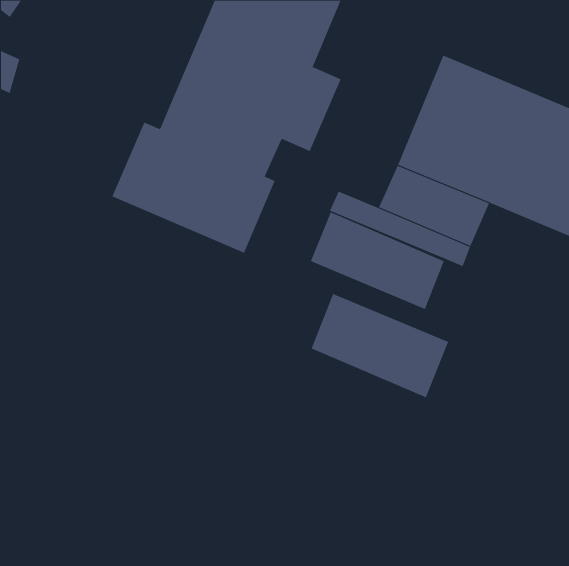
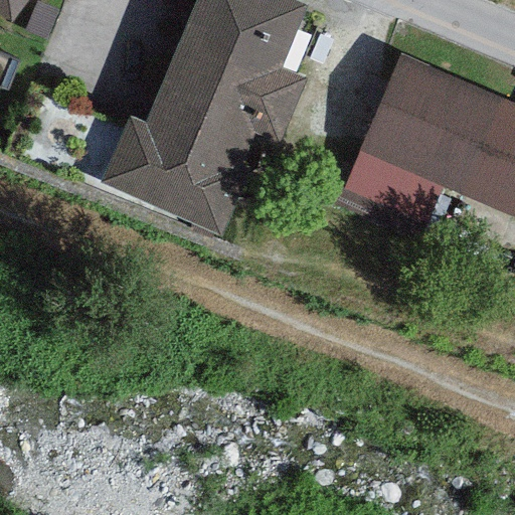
building: [310,212,445,310] -> none
building: [311,293,449,398] -> none

